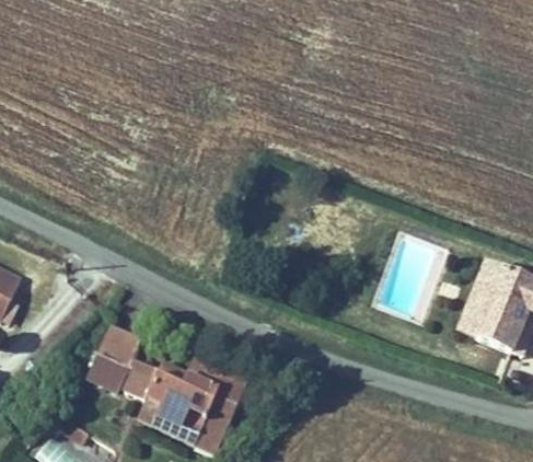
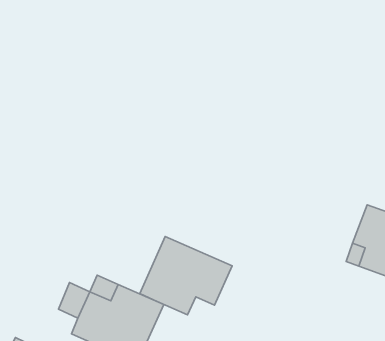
building: none -> [140,237,232,315]
building: [85,325,142,395] -> none

